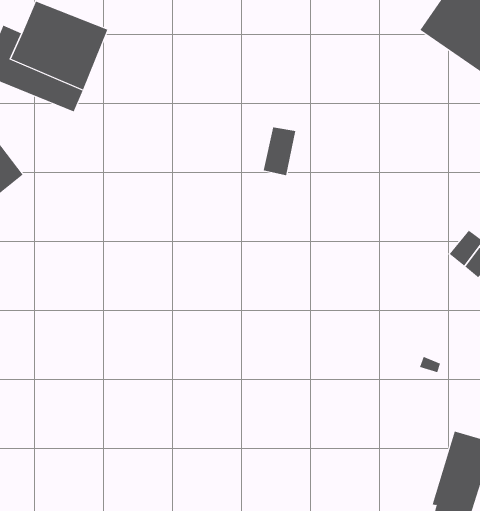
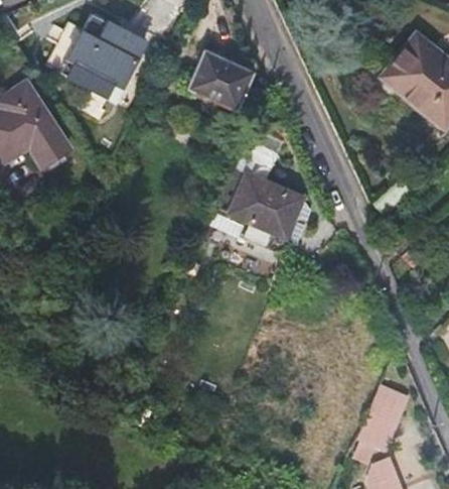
building: none -> [188,50,254,111]
building: none -> [215,167,303,238]

